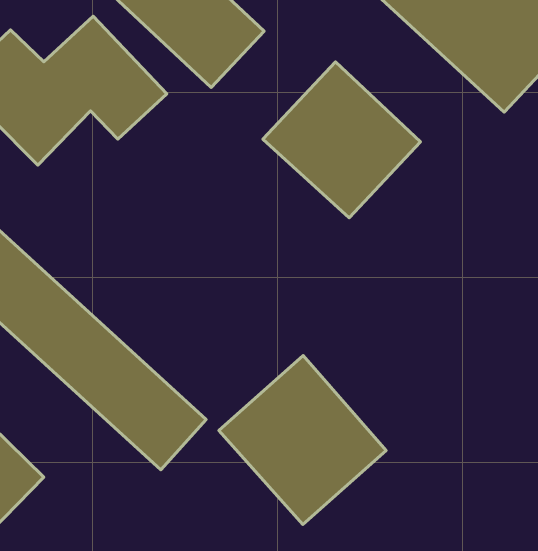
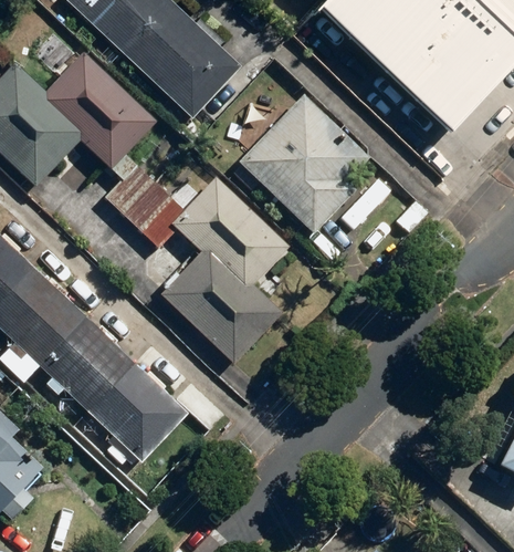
building: none -> [105,153,286,363]
building: [219,356,386,524] -> none

